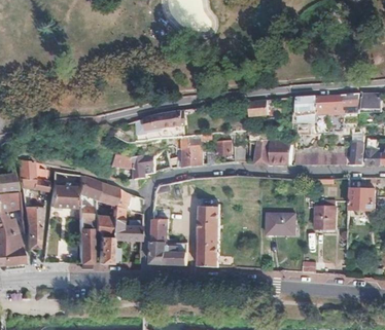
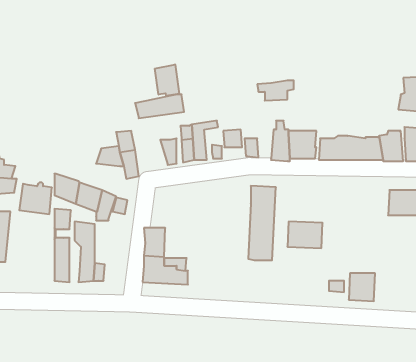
building: none -> [155,64,179,96]
building: [296,94,360,131] -> none
building: [199,206,221,266] -> [248,186,276,260]
building: [315,206,337,228] -> [349,273,375,301]
building: [111,213,141,241] -> none

